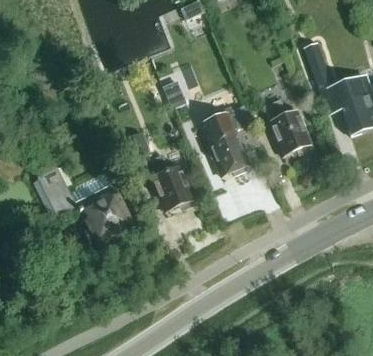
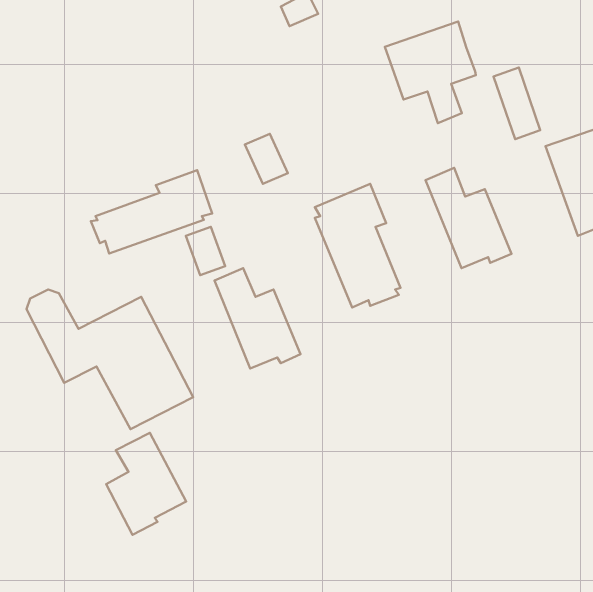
building: none -> [385,22,476,123]
building: none -> [91,170,212,254]
building: none -> [106,433,186,535]

